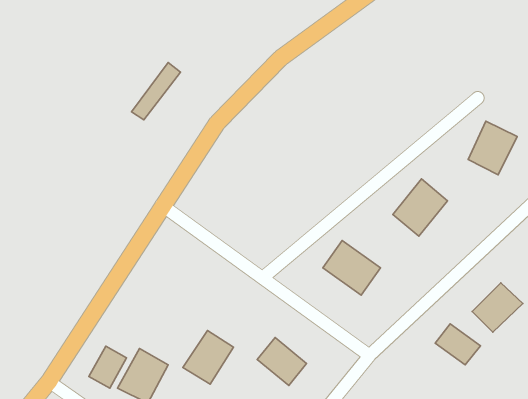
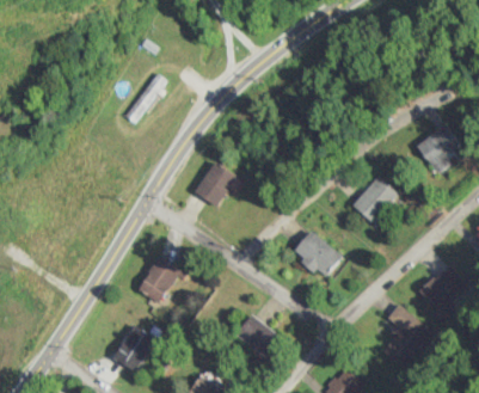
building: none -> [192,162,235,208]
building: [183,331,233,384] -> [136,256,180,302]
building: [89,346,126,388] -> none

